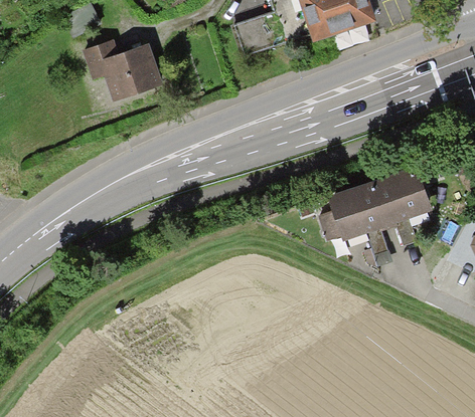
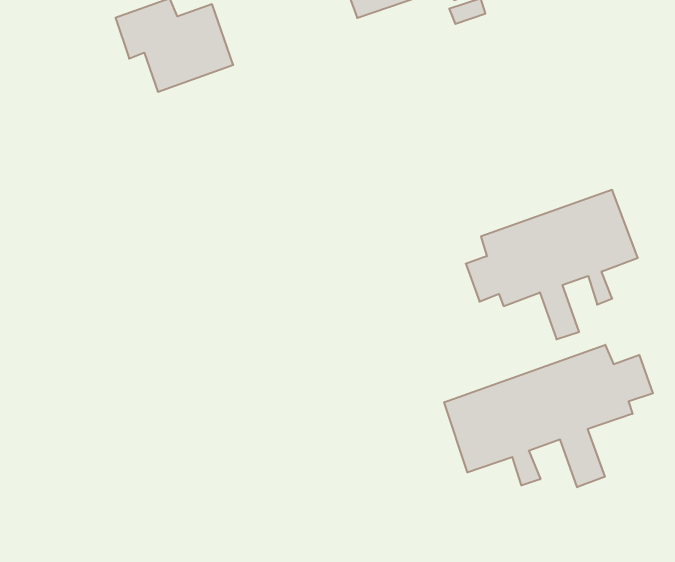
building: none -> [444,345,653,487]

